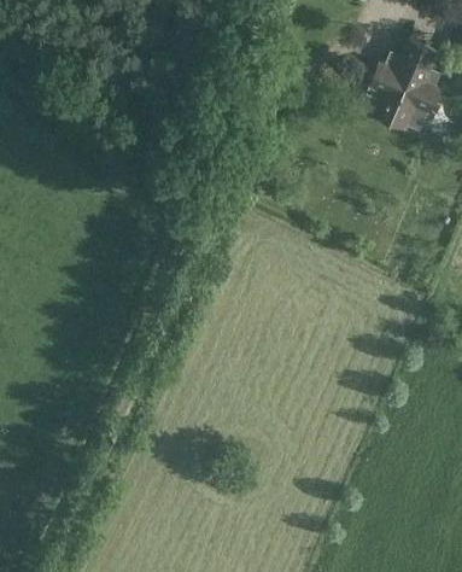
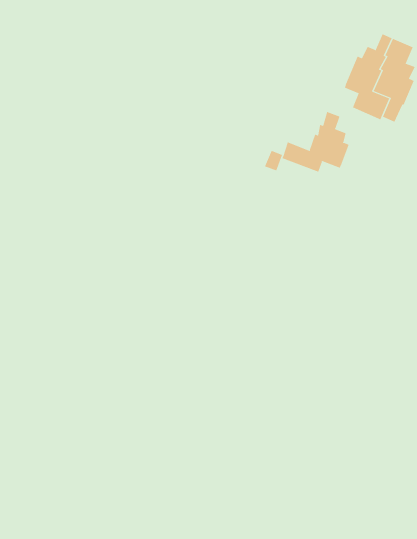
building: none -> [281,111,350,172]

